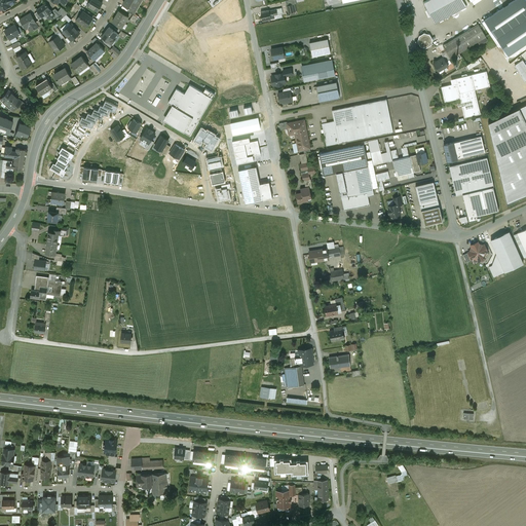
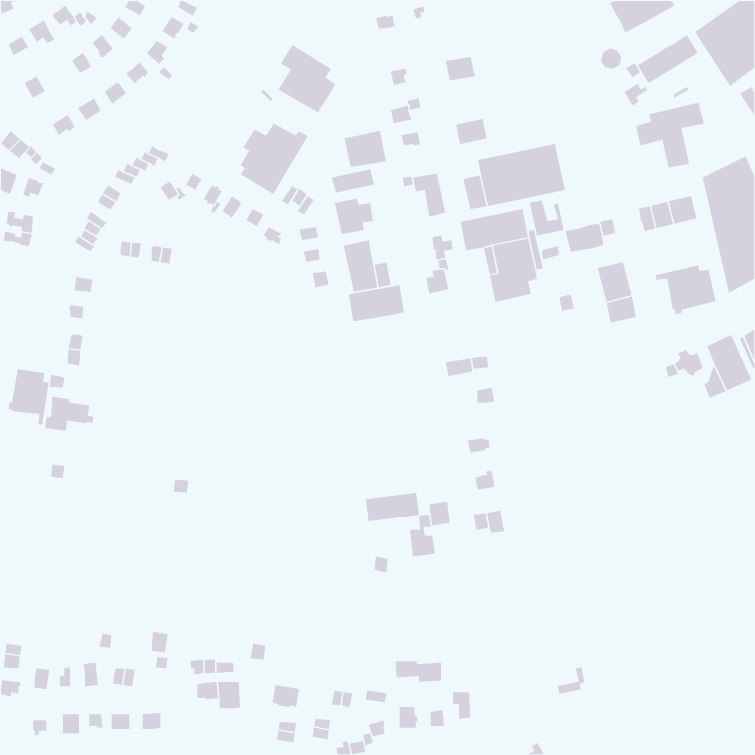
building: none -> [278,44,336,114]
building: [301,60,335,81] -> none
building: none -> [344,130,387,168]
building: [449,158,494,191] -> none
building: none -> [348,284,405,322]
building: none -> [8,369,49,426]
building: none -> [365,492,420,522]

